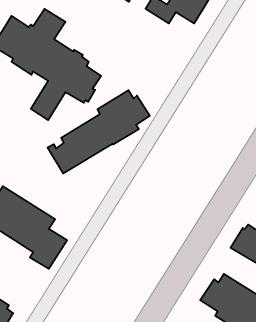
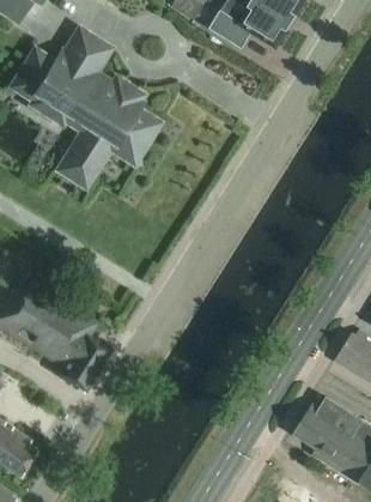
building: [48,90,150,174] -> none

